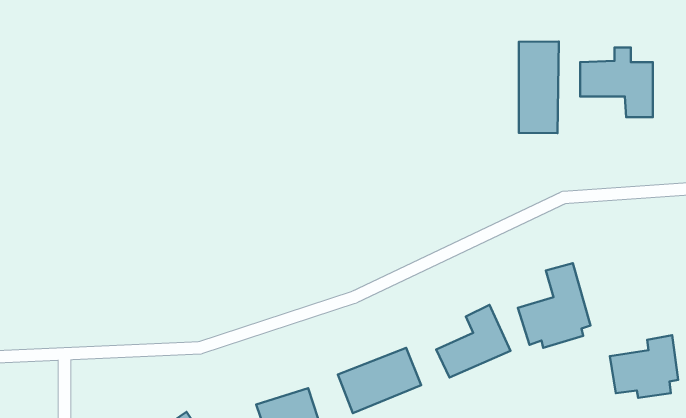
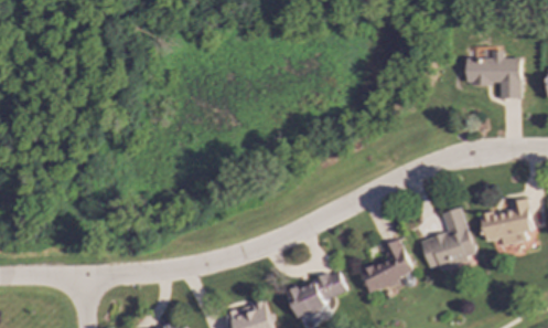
building: [519,42,559,133] -> none
building: [610,335,678,398] -> [481,198,531,244]

